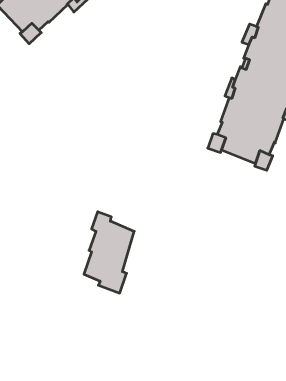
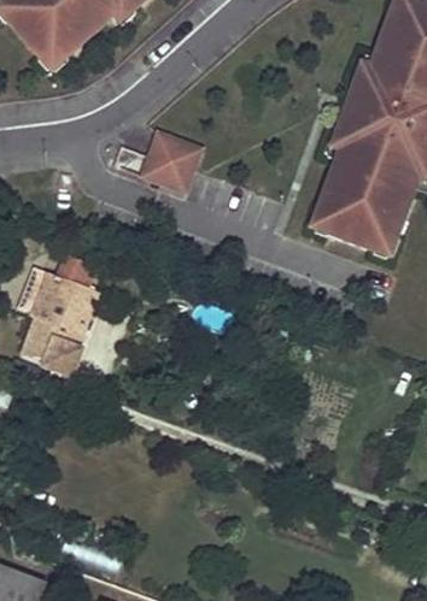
building: none -> [141,126,199,178]
building: [84,212,134,293] -> [27,263,98,377]

